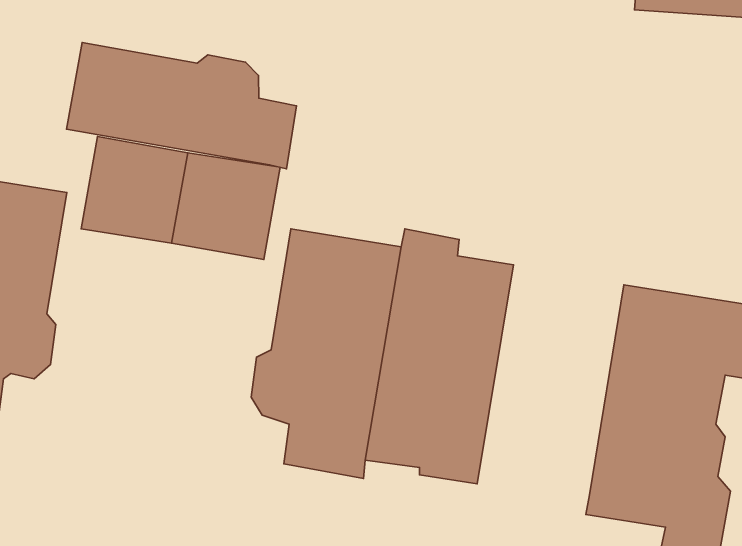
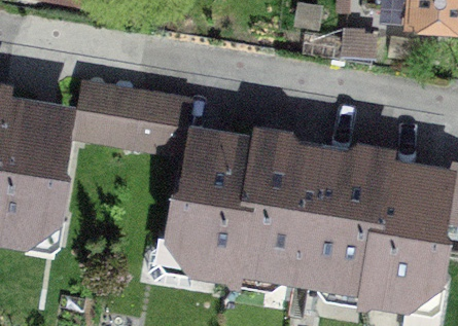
building: [66,43,296,169] -> none
building: none -> [301,149,386,284]

